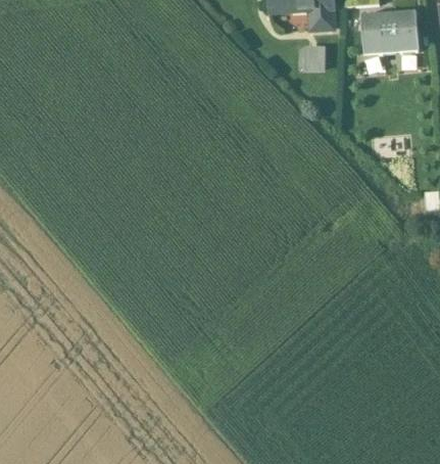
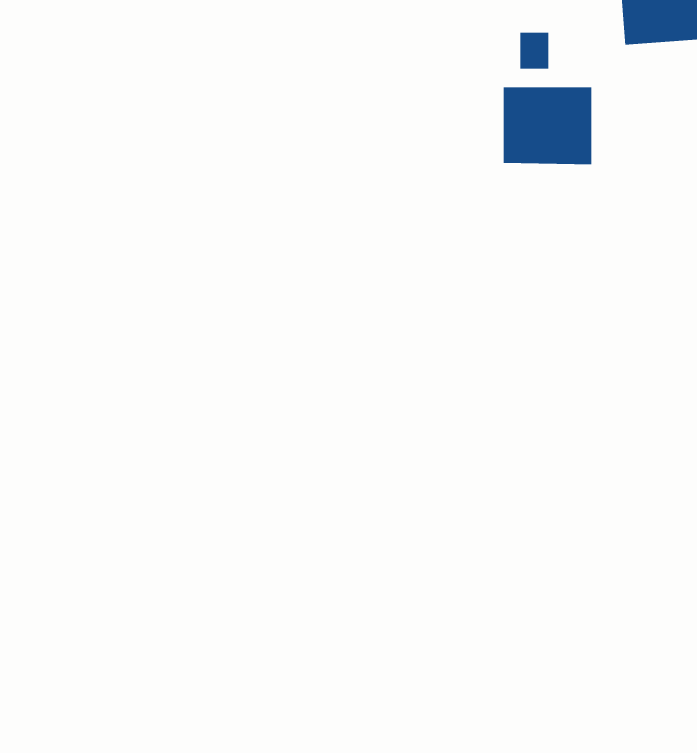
building: none -> [503,86,592,165]

